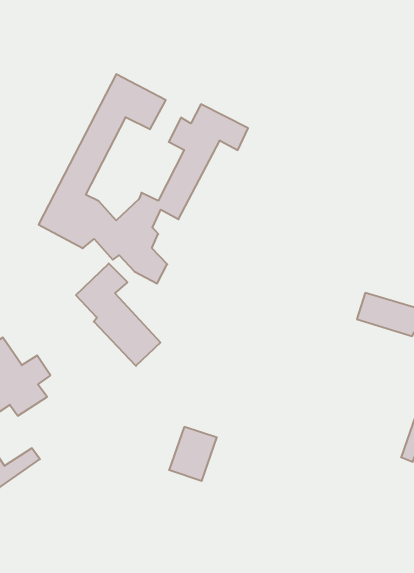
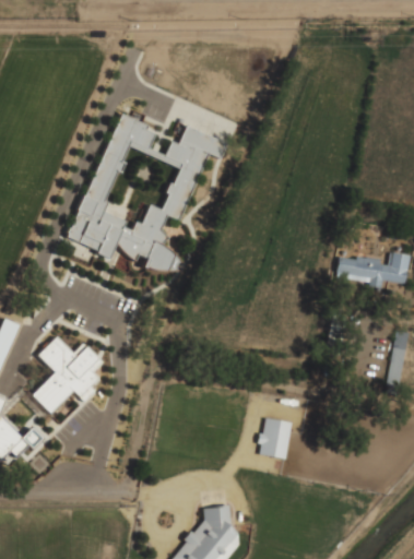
building: [76,263,160,366] -> none
building: [169,427,217,481] -> [258,418,292,459]

